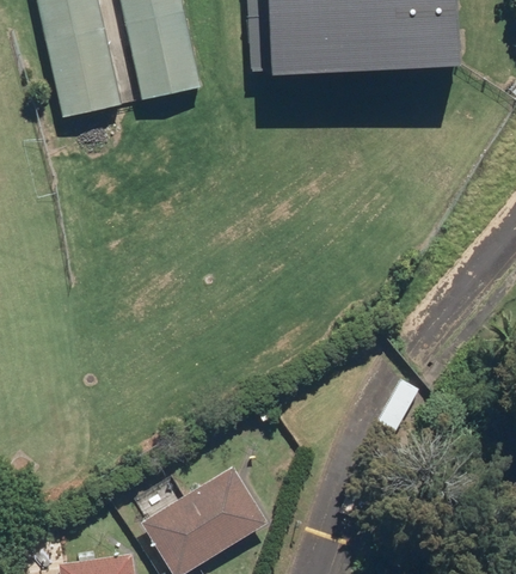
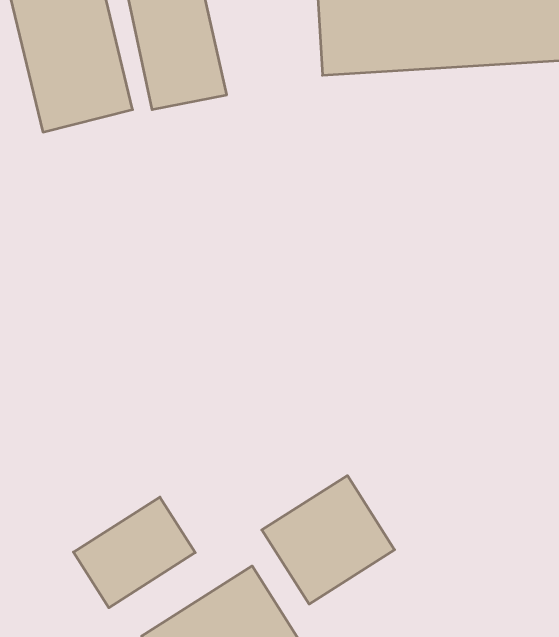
building: none -> [262,476,395,604]
building: none -> [73,497,195,608]

